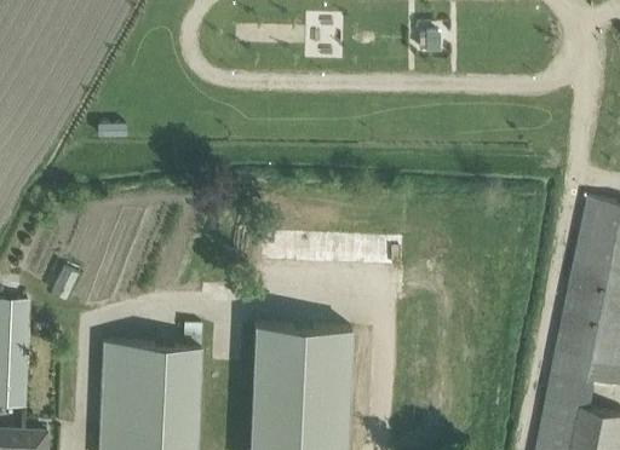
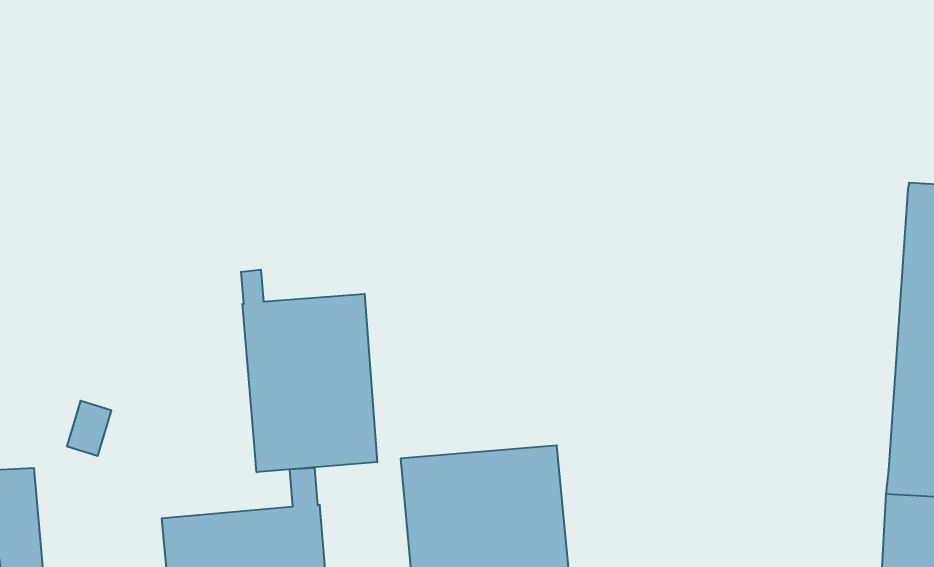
building: none -> [241,270,377,472]

